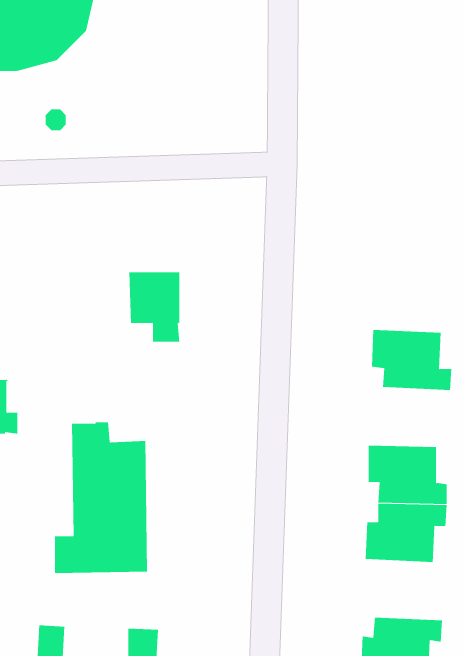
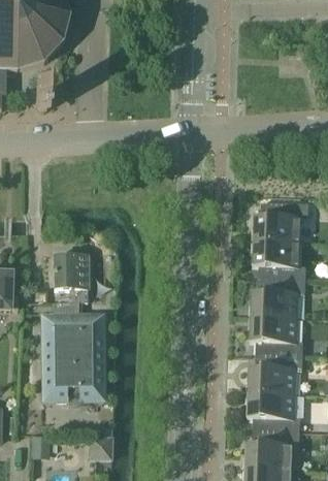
building: none -> [254,202,308,243]
building: [129,272,180,342] -> [55,255,89,301]
building: none -> [251,279,305,318]
building: none -> [248,392,300,432]

